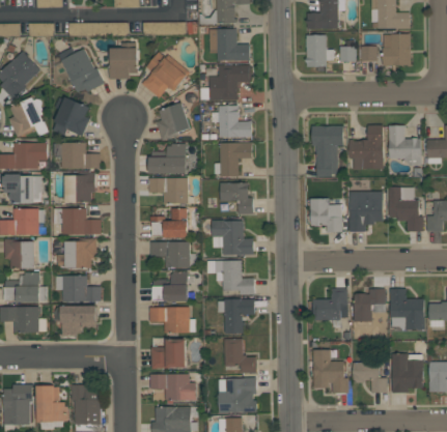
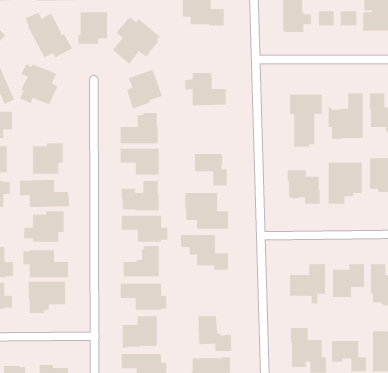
building: [200,65,251,102] -> none
building: [215,142,252,177] -> none
building: [61,143,101,169] -> none
building: [218,299,255,334] -> none

